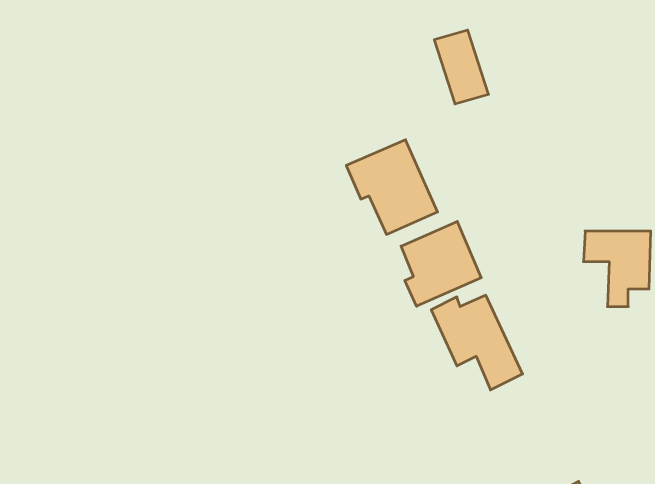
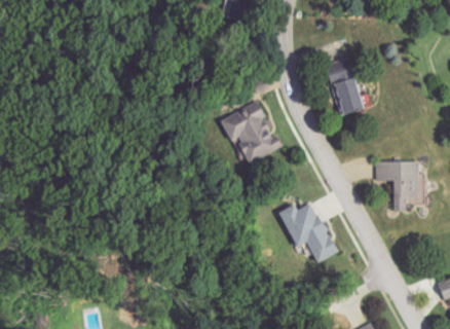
building: [434,30,489,104] -> [328,68,363,115]
building: [401,221,481,306] -> none

